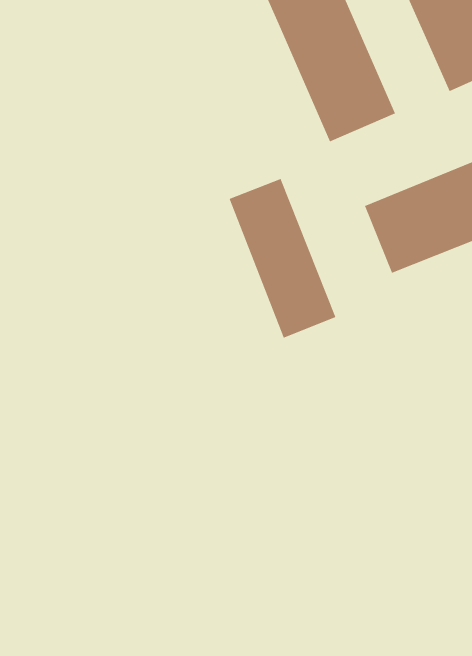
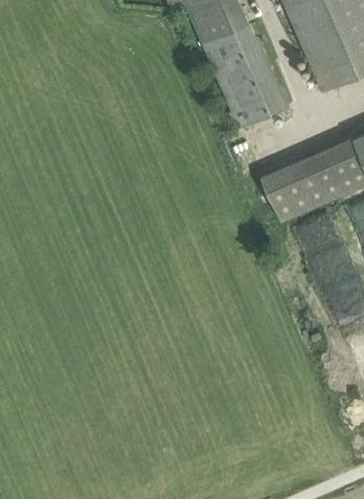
building: [229,178,336,339] -> none

